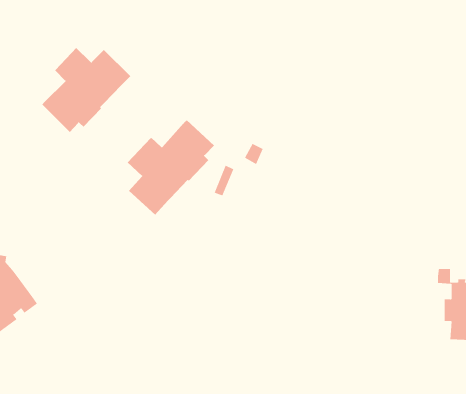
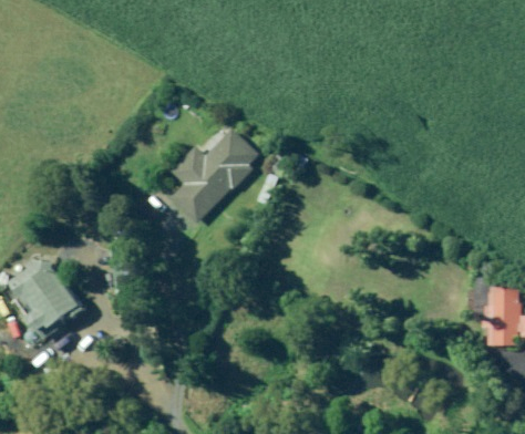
building: [41,47,131,133] -> none

